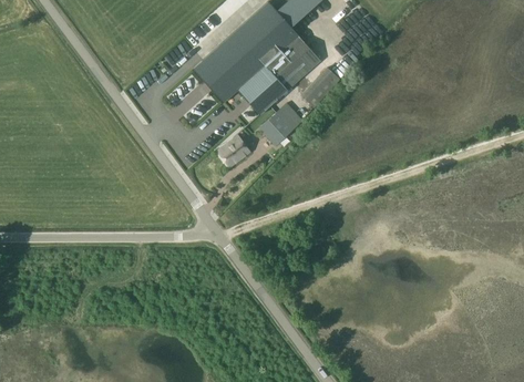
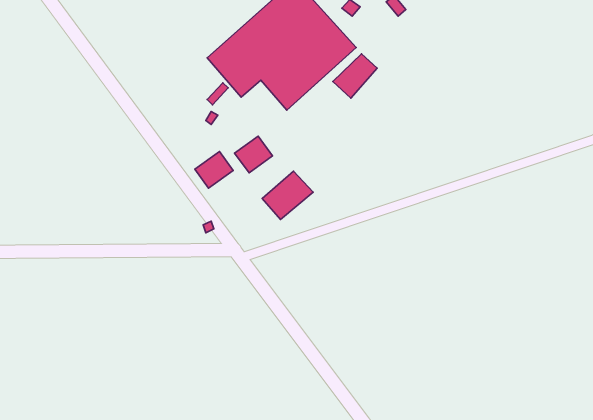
building: [259,102,302,143] -> [262,171,313,220]
building: none -> [195,151,233,188]

